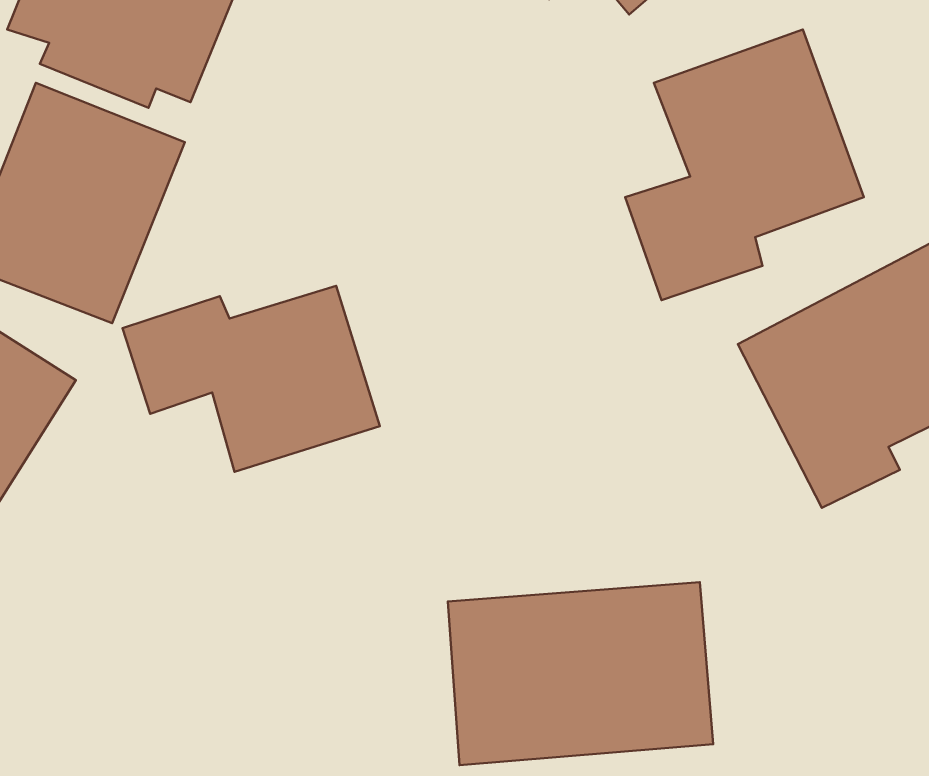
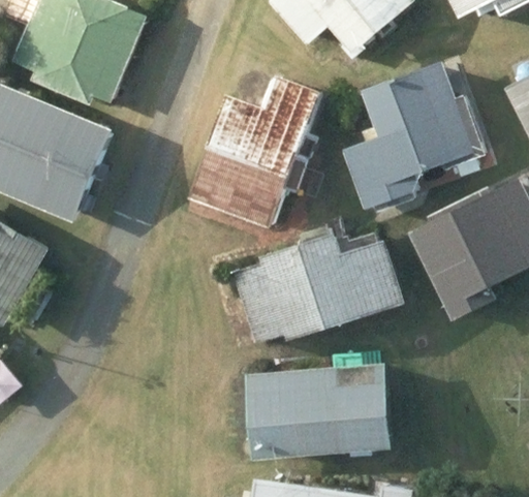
building: none -> [203,75,321,196]
building: [122,286,380,472] -> none
building: none -> [232,223,406,345]

